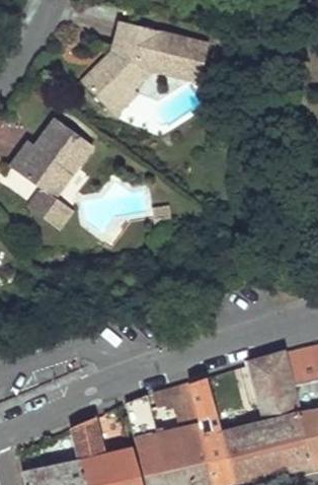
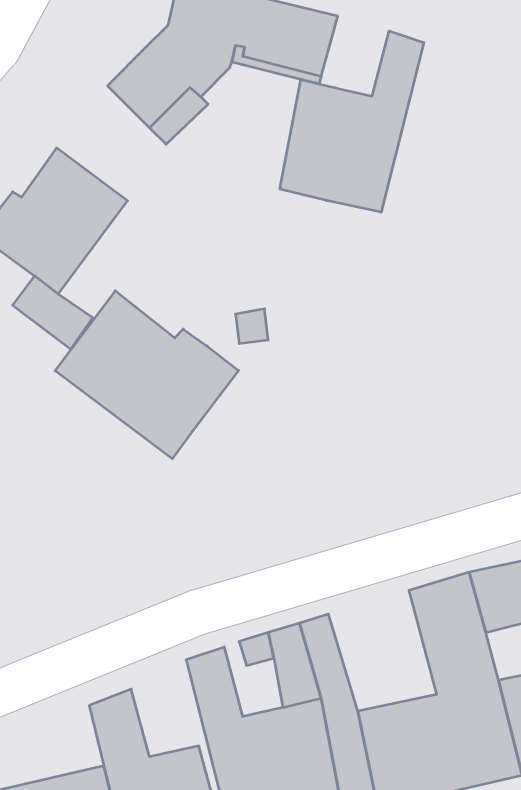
building: none -> [280,31,424,212]
building: none -> [55,291,239,459]

